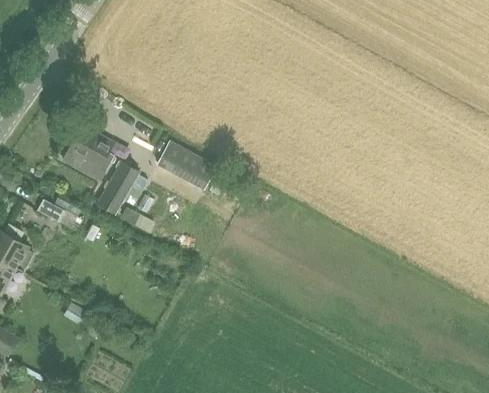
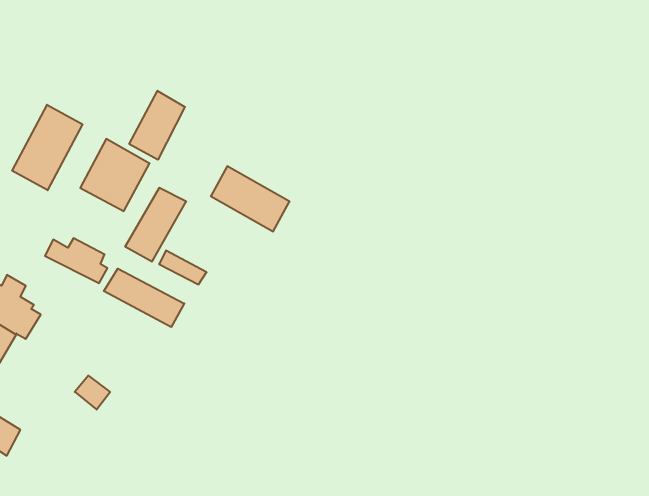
building: none -> [129,91,185,160]
building: none -> [12,105,83,190]
building: none -> [104,269,184,327]

